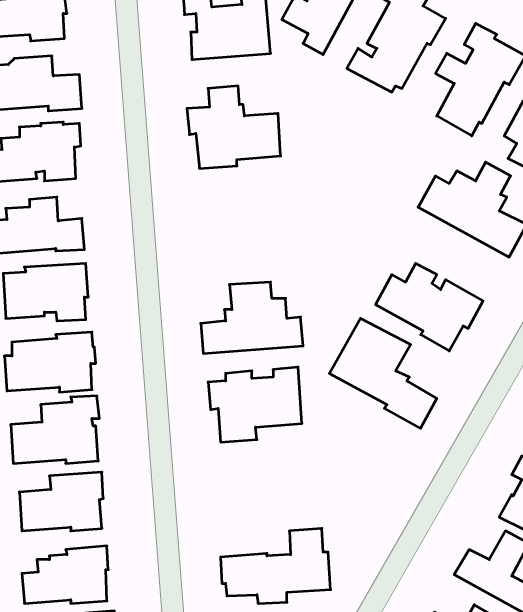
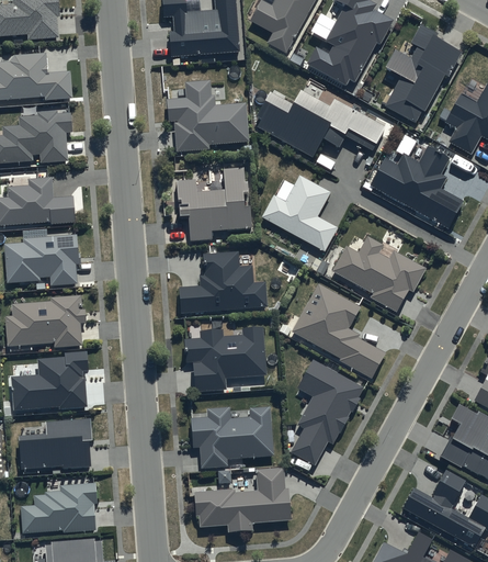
building: none -> [256,89,386,157]
building: none -> [175,167,251,241]
building: none -> [261,176,337,251]
building: none -> [291,360,365,467]
building: none -> [191,407,274,469]

